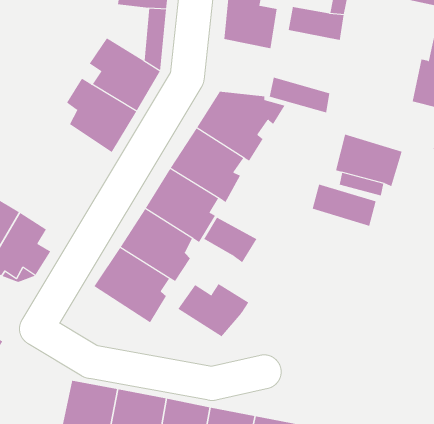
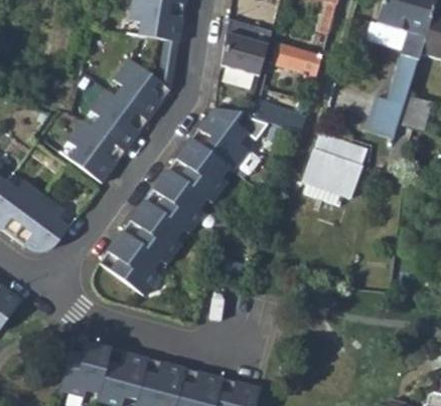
building: none -> [64,120,123,185]
building: [312,184,376,226] -> [314,133,368,171]
building: [203,217,257,263] -> none
building: [177,283,249,337] -> none

